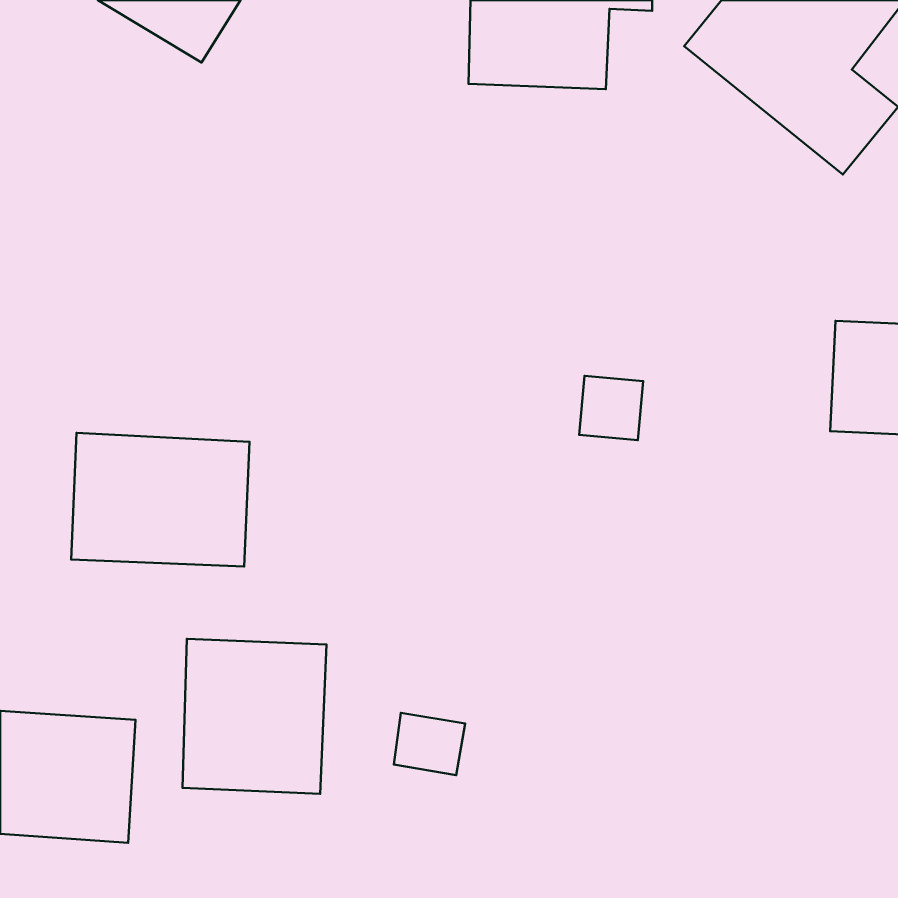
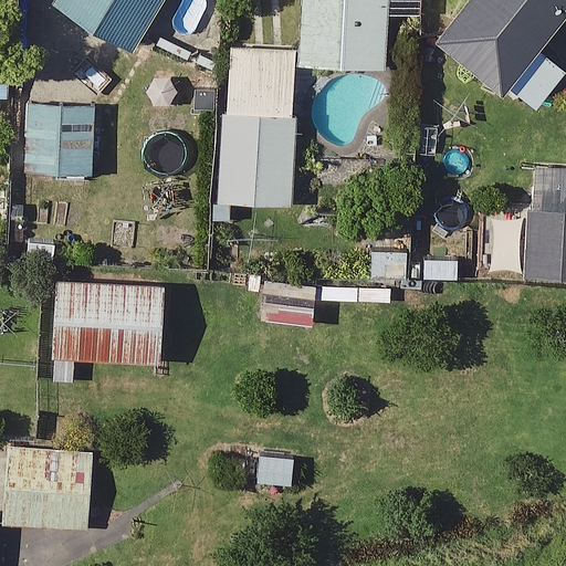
building: none -> [220,48,296,205]
building: none -> [21,104,95,174]
building: [182,639,327,794] -> none

